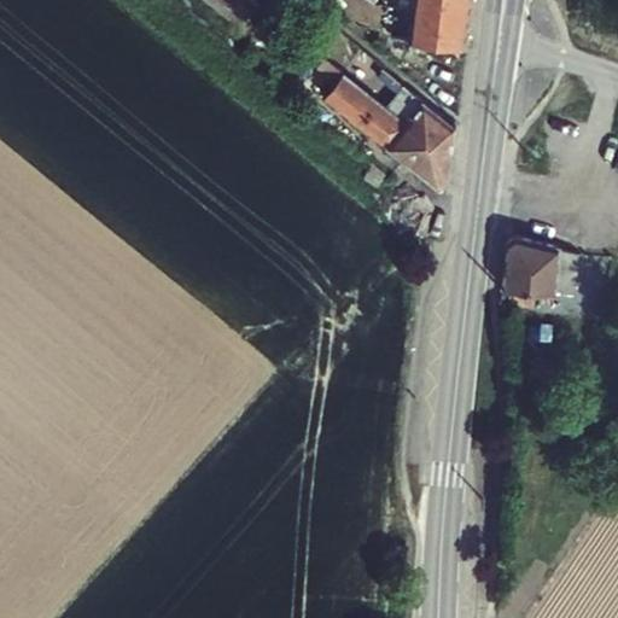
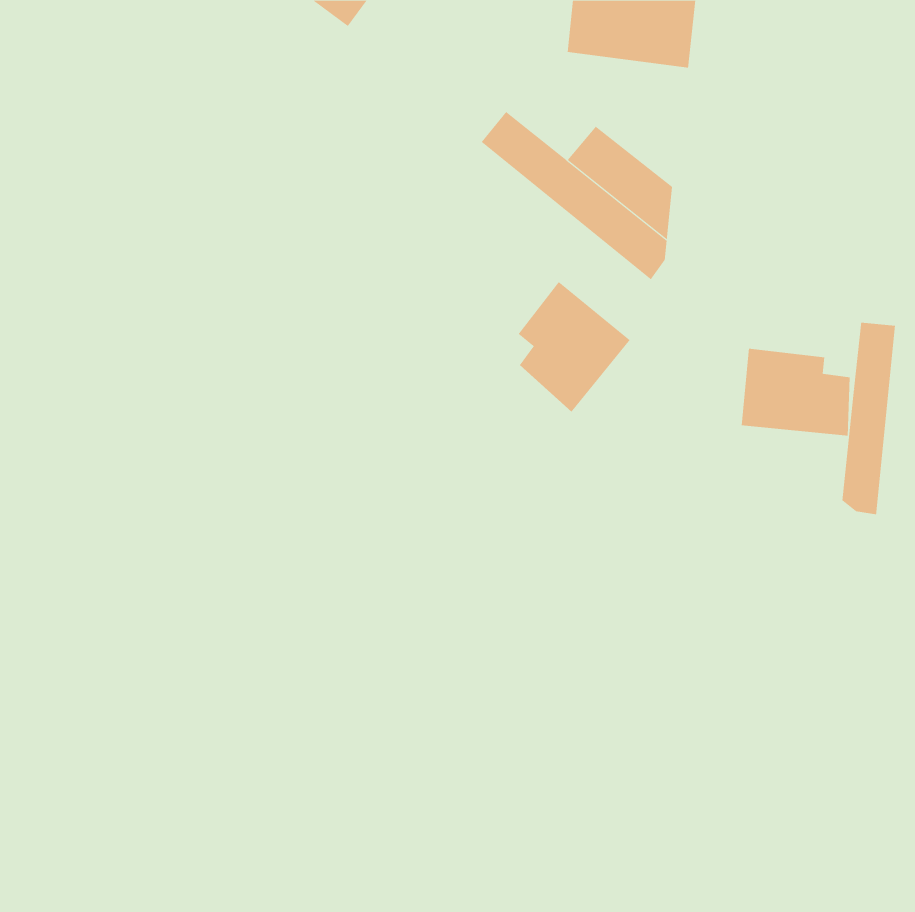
building: none -> [518,281,630,413]
building: none -> [842,322,896,515]

